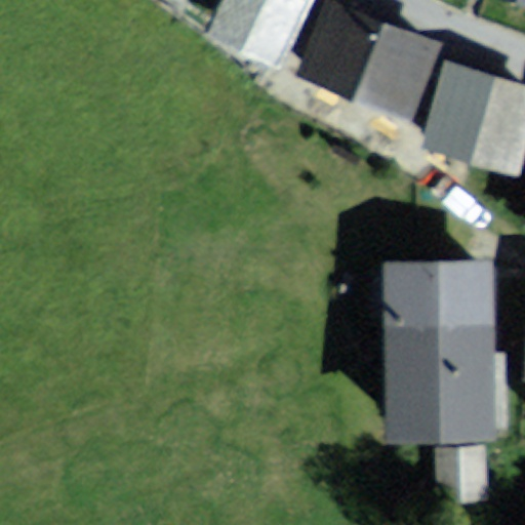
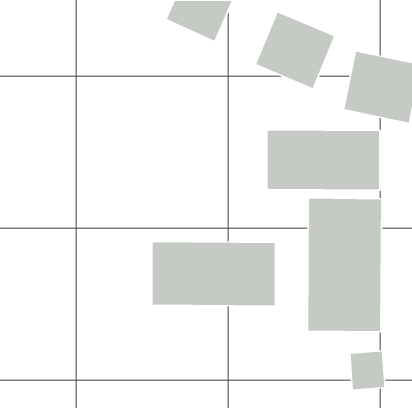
building: none -> [267,130,380,190]
building: none -> [152,242,275,306]

